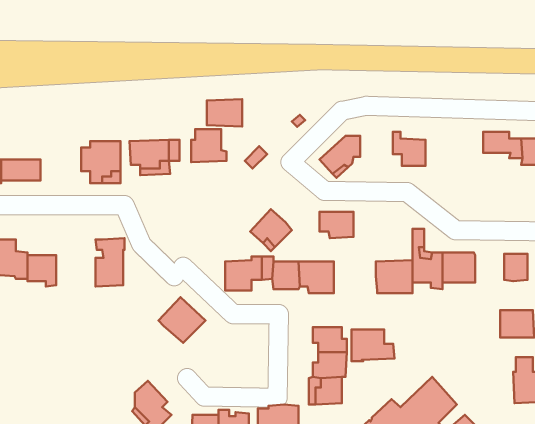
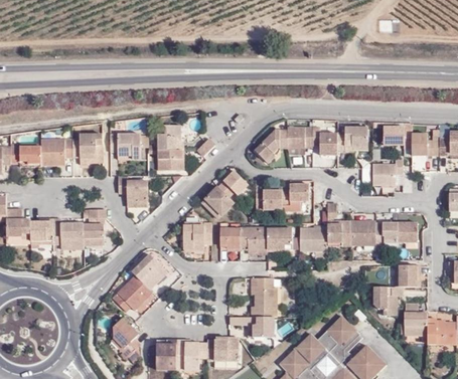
building: [207,99,242,127] -> [156,150,183,171]
building: none -> [336,127,365,150]
building: none -> [286,128,311,148]
building: none -> [40,140,71,167]
building: none -> [370,158,402,185]
building: none -> [217,172,248,197]
building: none -> [117,176,147,207]
building: none -> [281,184,308,205]
building: none -> [52,219,83,251]
building: none -> [374,221,397,247]
building: none -> [114,276,152,314]
building: [351,330,395,361] -> [266,227,299,251]
building: none -> [373,286,402,313]

